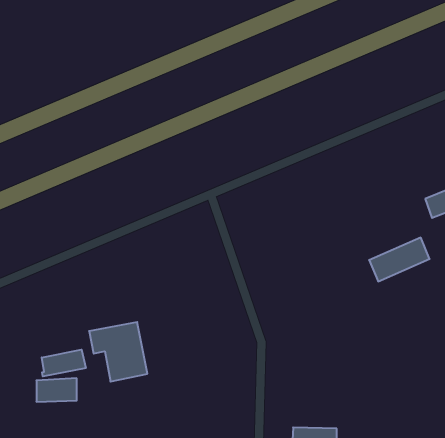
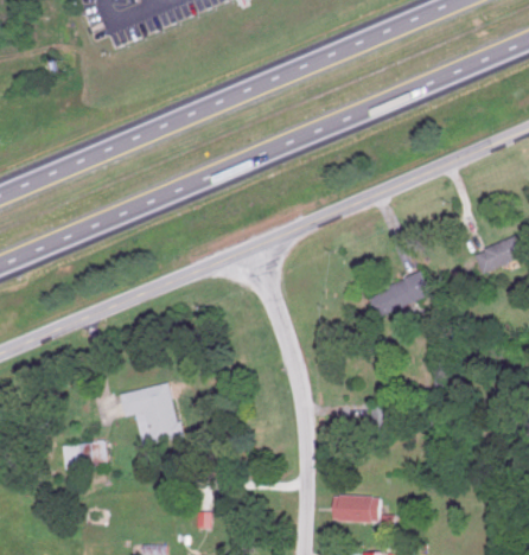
building: [369,238,430,281] -> [369,272,433,318]
building: [42,350,86,376] -> none

